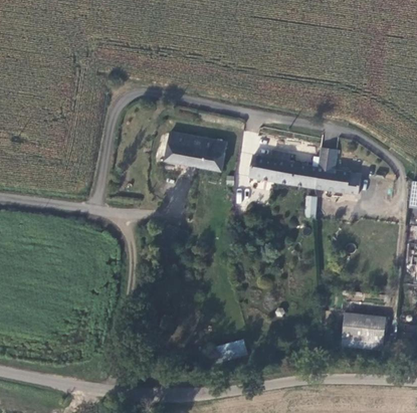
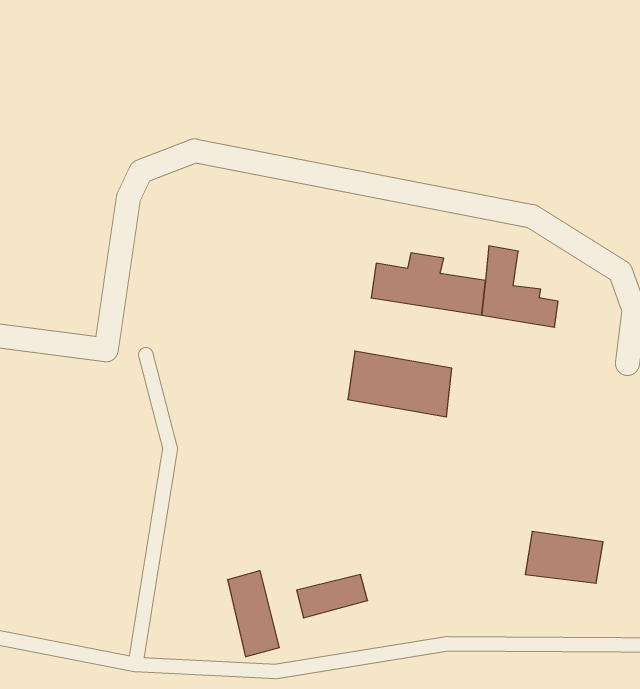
building: [165,135,225,173] -> [348,351,452,417]
building: none -> [228,571,279,657]

